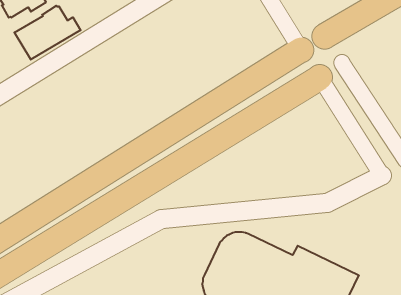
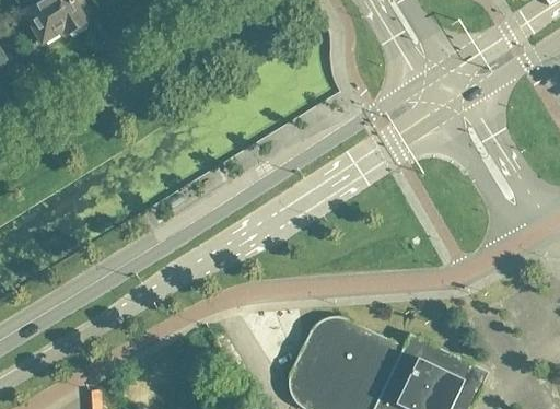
building: [14,6,81,60] -> none

